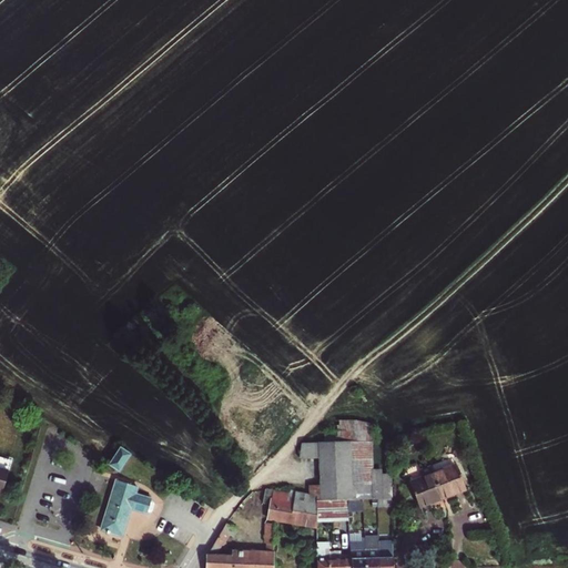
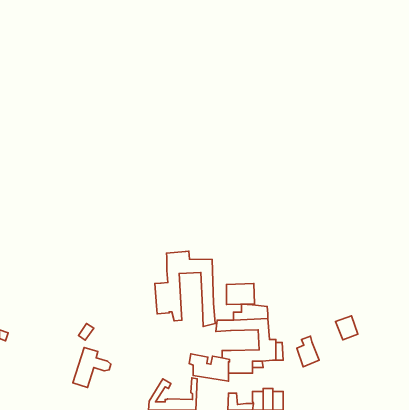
building: none -> [155,251,215,326]
building: [320,456,358,485] -> [226,284,254,305]
building: [432,465,463,498] -> [336,316,358,340]

